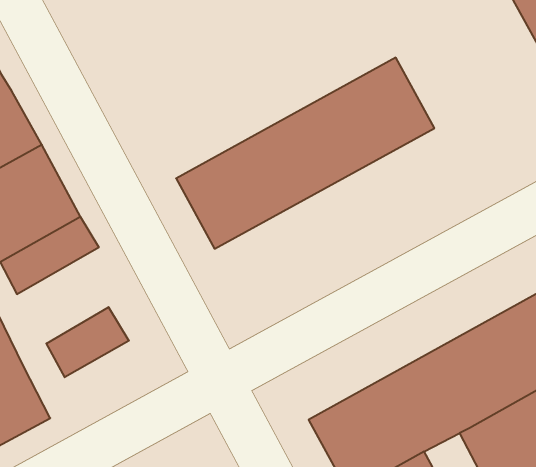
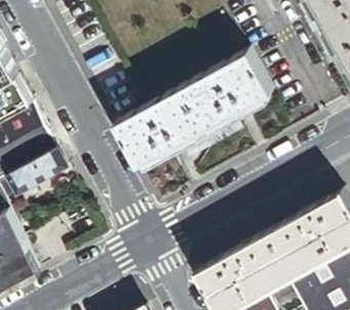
building: [46,307,129,377] -> none

